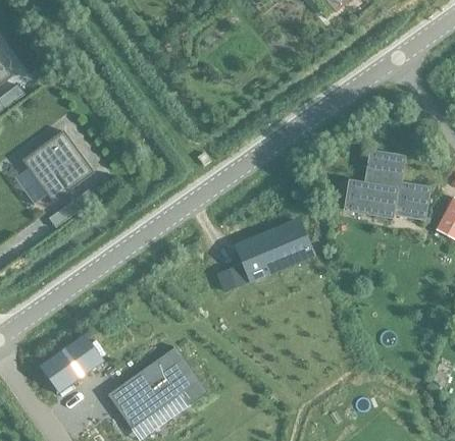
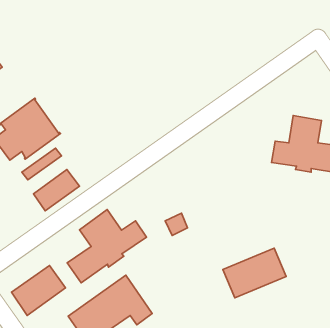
building: none -> [33,170,80,211]
building: [238,221,313,280] -> [223,248,286,298]
building: none -> [67,209,147,283]

